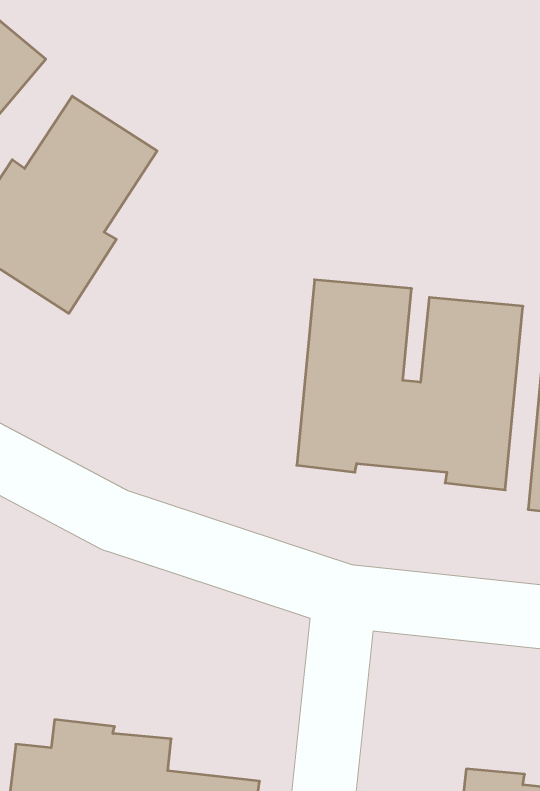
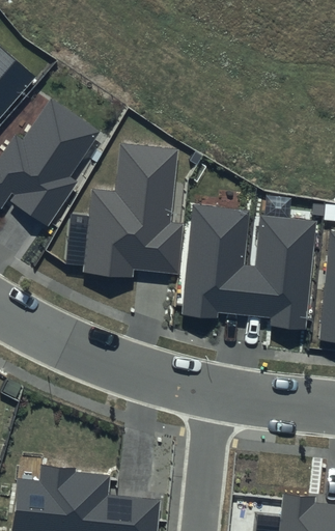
building: none -> [81,141,183,277]

